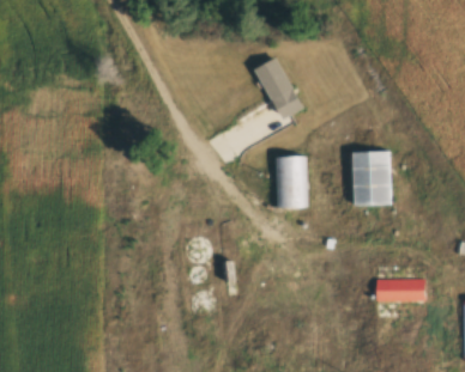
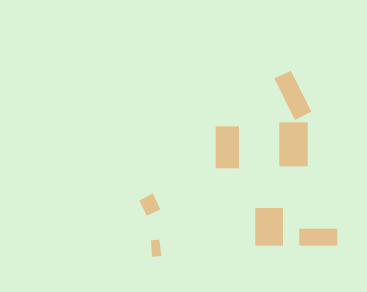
building: [255,57,302,118] -> [273,70,312,121]
building: none -> [255,207,284,247]

